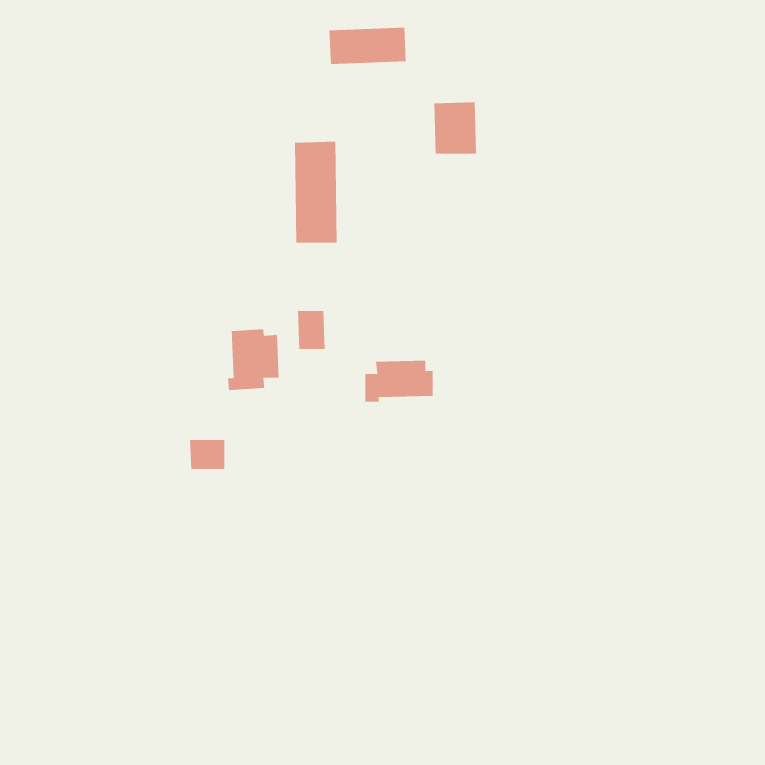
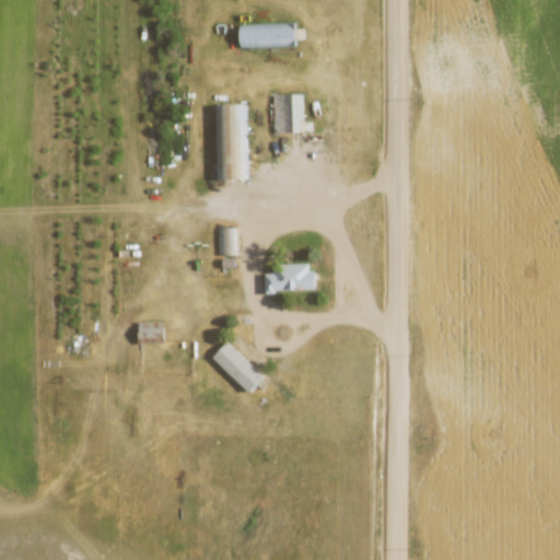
building: [433,102,477,154] -> [272,93,304,131]
building: [227,329,279,391] -> none
building: none -> [213,341,265,393]

